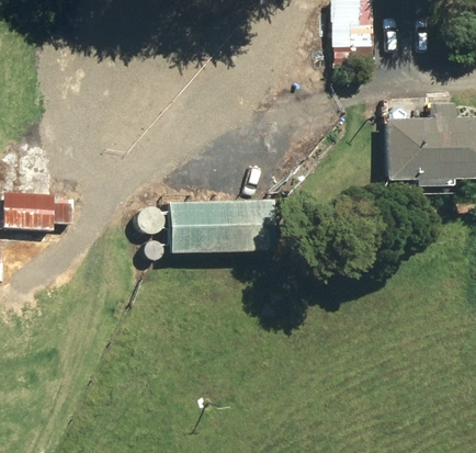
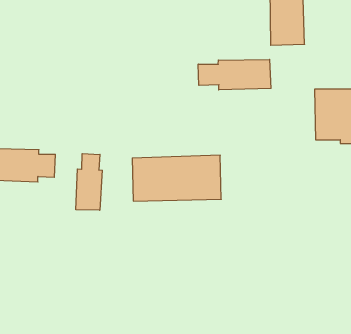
building: none -> [198,59,271,90]
building: none -> [76,154,102,210]

